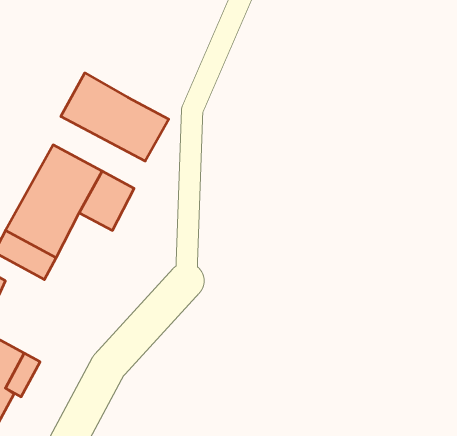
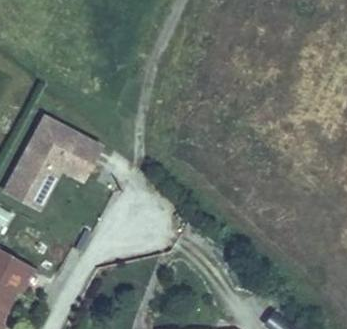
building: [61,73,169,161] -> none

